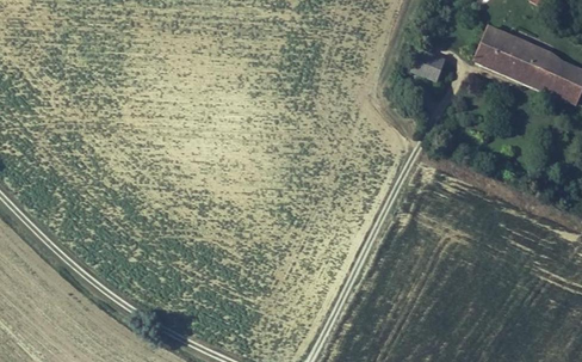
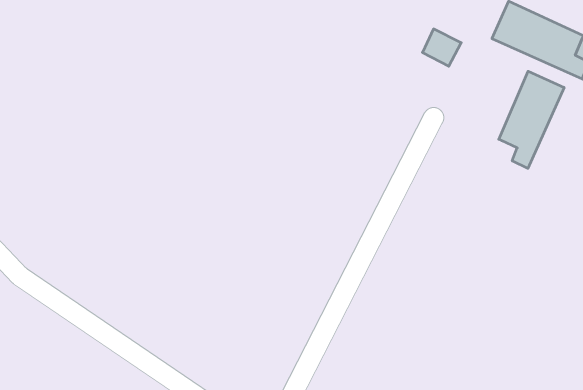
building: none -> [499,71,564,168]

